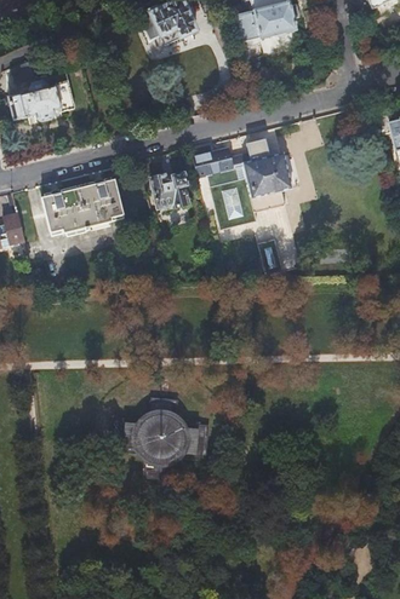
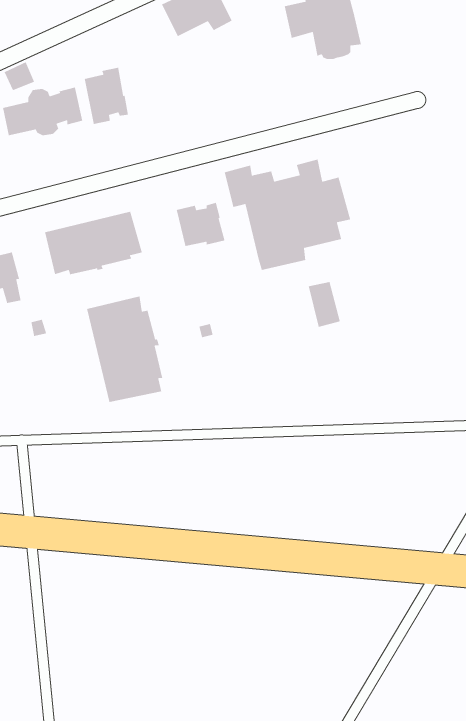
building: none -> [84,67,129,125]
building: none -> [86,295,163,403]
building: [127,402,195,468] -> none

